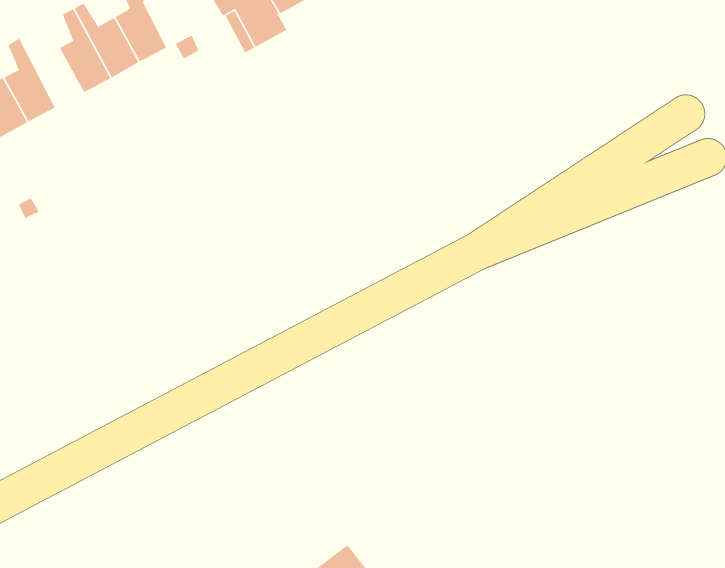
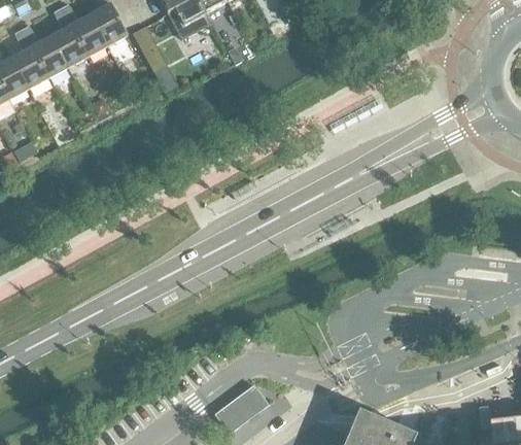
building: none -> [22,25,67,77]

